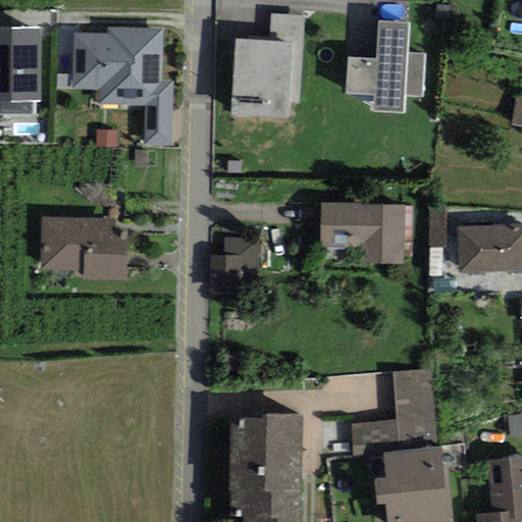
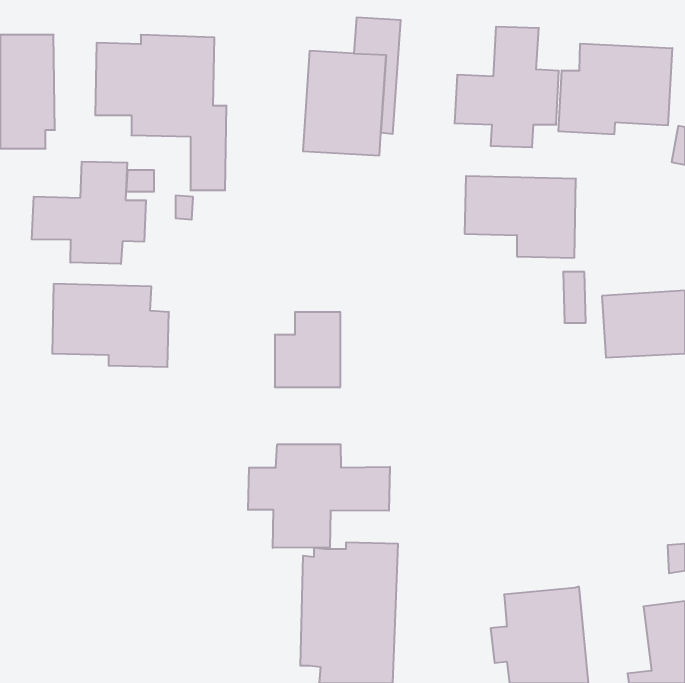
building: none -> [559,44,672,134]
building: none -> [32,162,146,264]
building: [320,202,405,264] -> [465,176,576,258]
building: none -> [248,444,390,548]
building: [351,369,437,455] -> none

